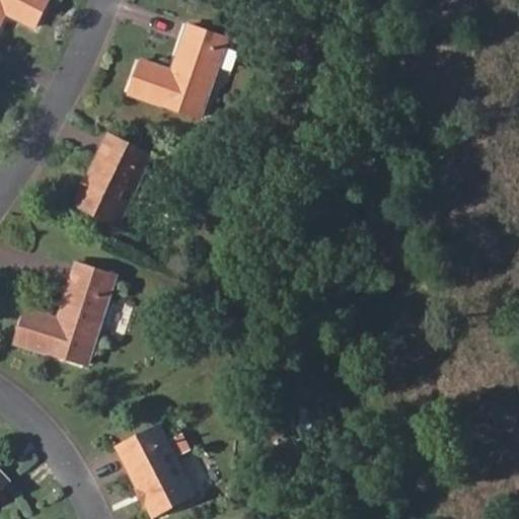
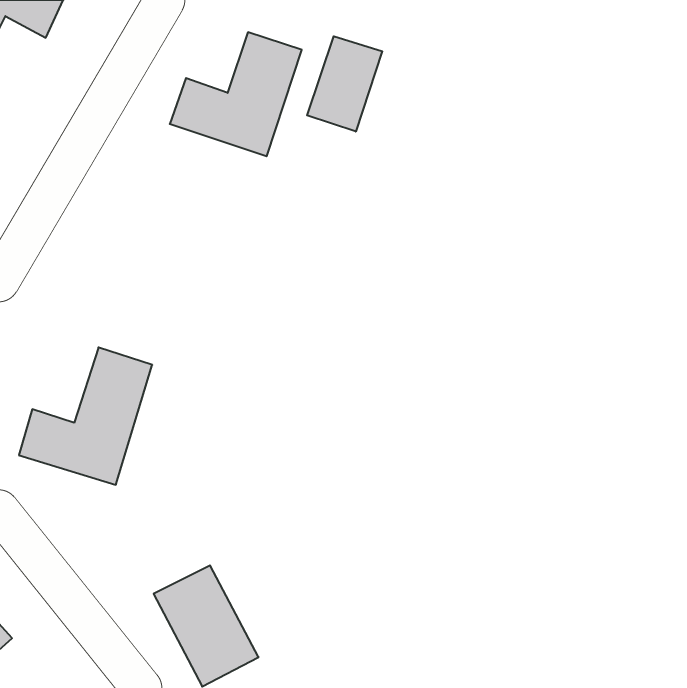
building: none -> [307,36,382,132]
building: [73,133,151,225] -> none

